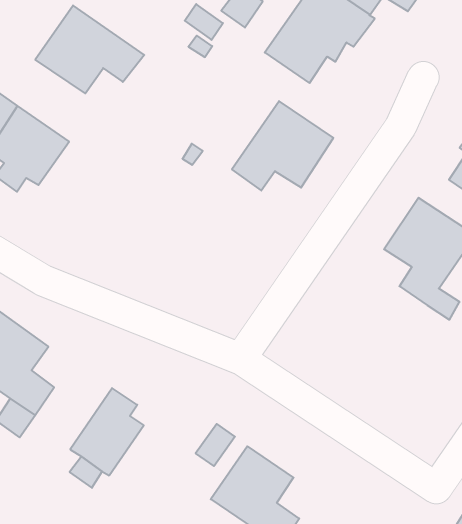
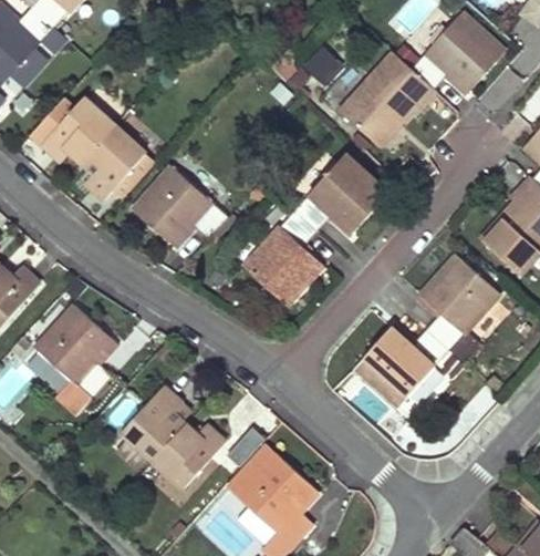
building: [35,5,144,93] -> [132,166,228,245]
building: none -> [242,207,323,306]
building: none -> [354,328,449,408]
building: none -> [149,421,225,490]

